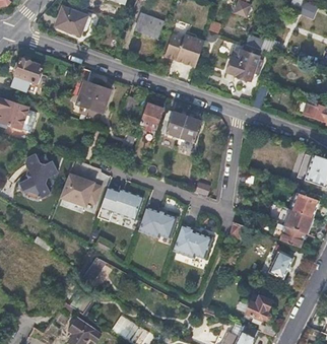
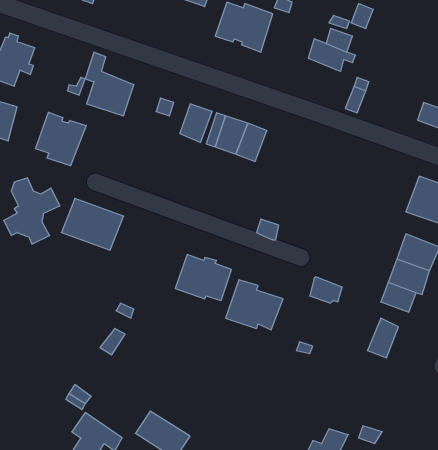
building: none -> [35,112,86,166]
building: [97,182,140,216] -> none
building: [245,296,269,325] -> none

